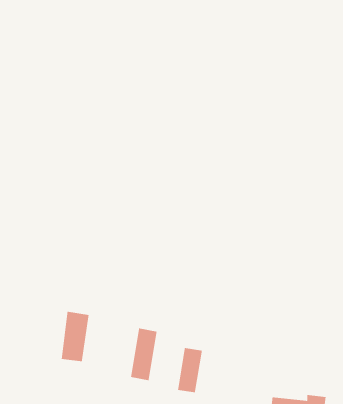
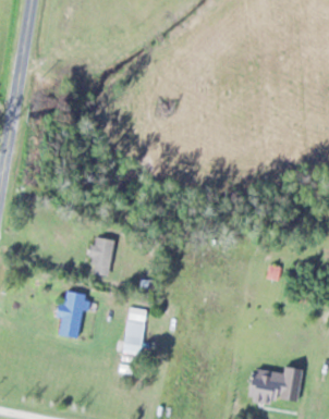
building: none -> [88,236,114,274]
building: [177,347,203,393] -> none

